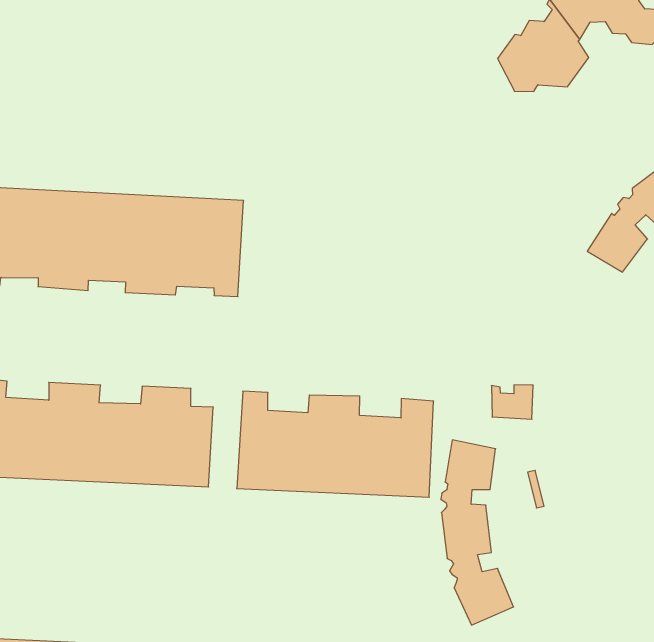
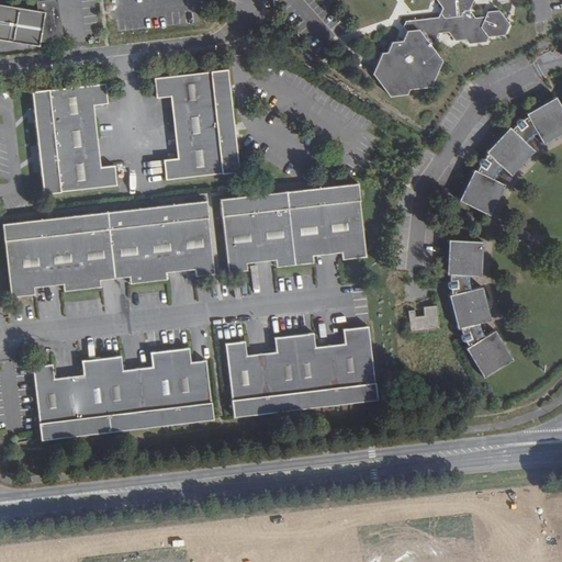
building: none -> [33,89,113,194]
building: none -> [155,74,235,180]
building: none -> [222,186,364,273]
building: [441,440,514,625] -> [450,239,517,373]

